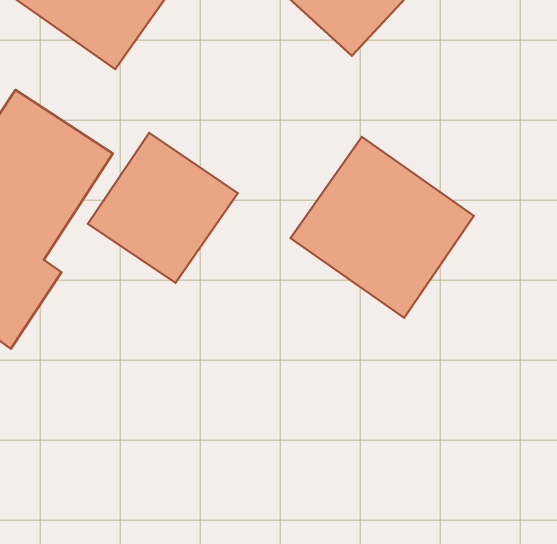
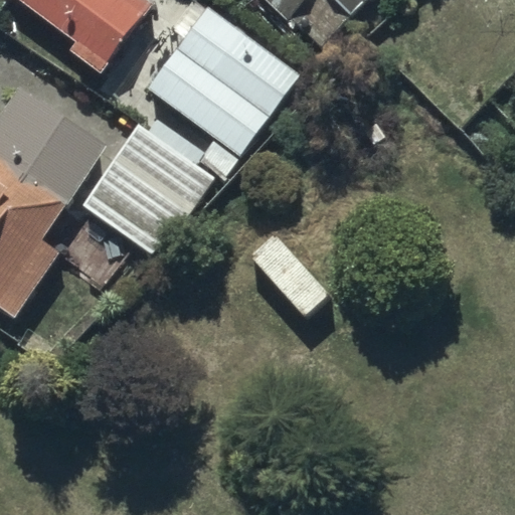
building: none -> [147,6,301,155]
building: [290,137,474,318] -> none

